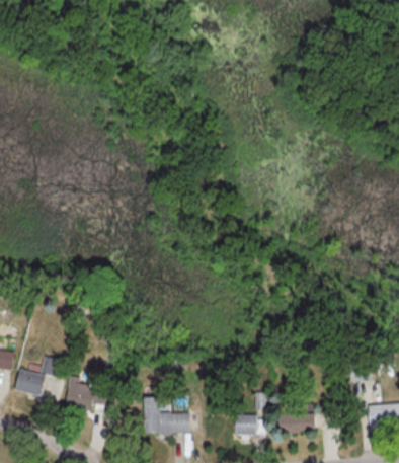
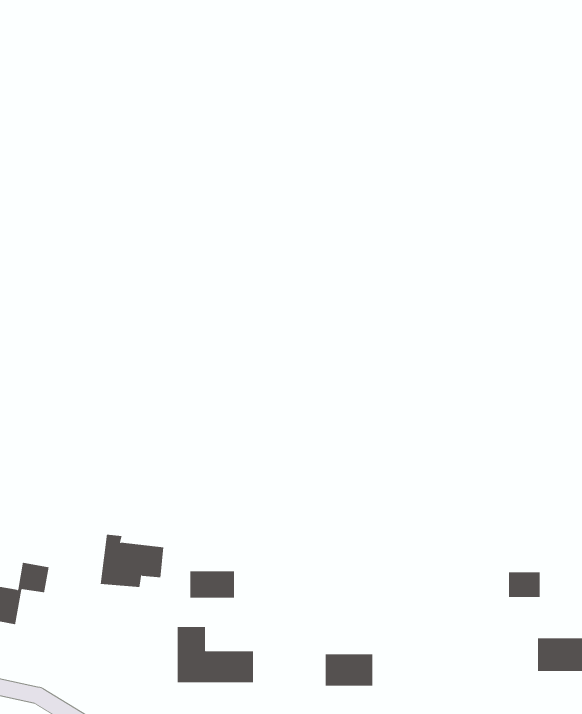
building: none -> [190,570,234,599]
building: [66,377,106,410] -> [100,534,164,587]
building: [277,412,316,433] -> none

